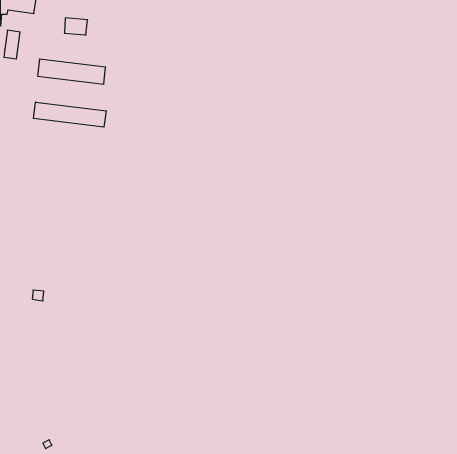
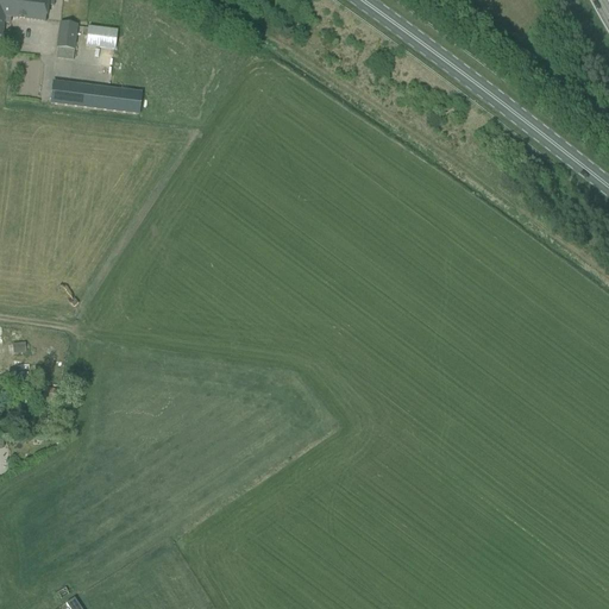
building: [4,30,20,59] -> [56,19,77,57]
building: [33,102,106,127] -> none

